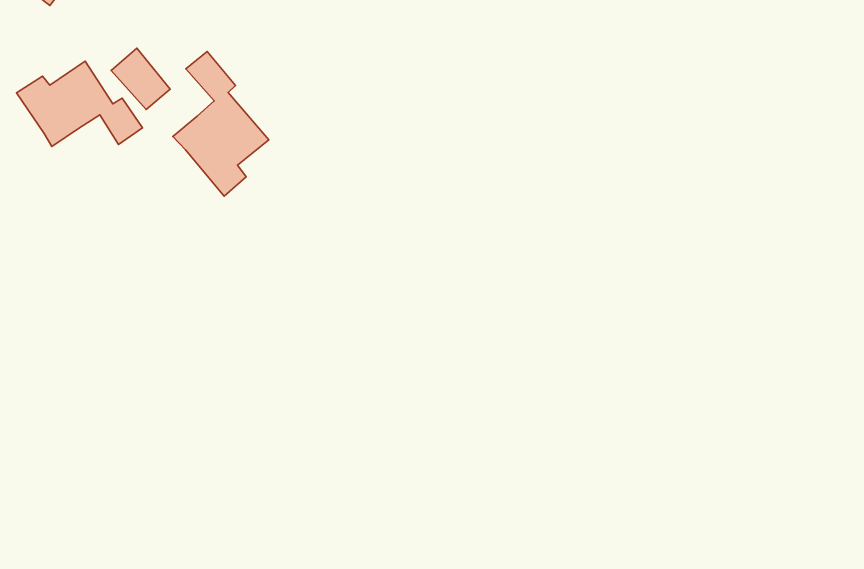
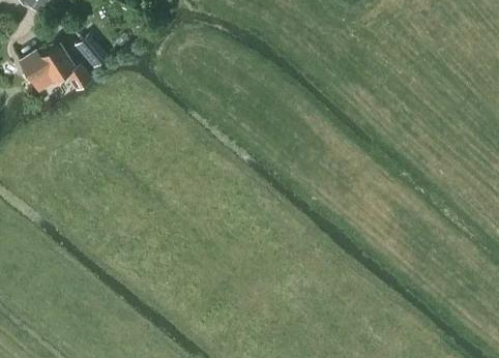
building: [173,52,269,196] -> none

